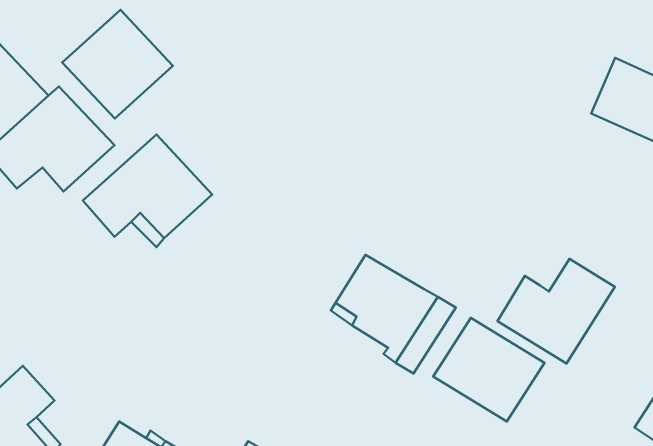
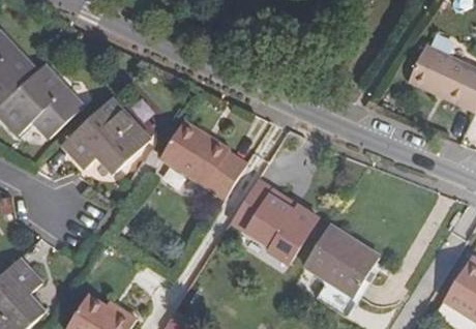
building: [62,10,173,118] -> none
building: none -> [158,120,245,198]
building: [498,259,615,364] -> none

